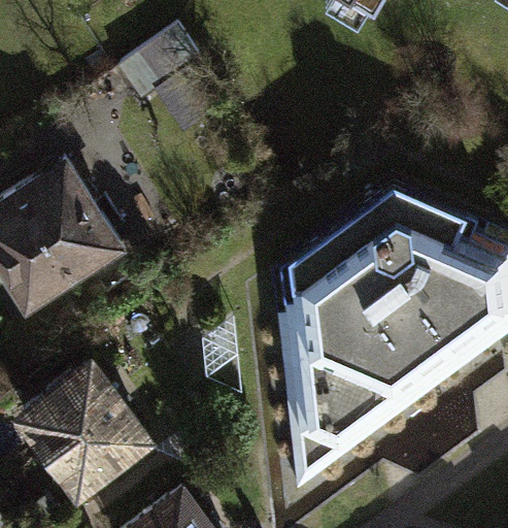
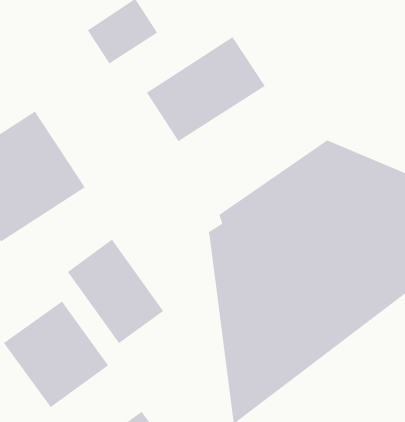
building: none -> [146,36,266,142]
building: none -> [67,238,164,344]

